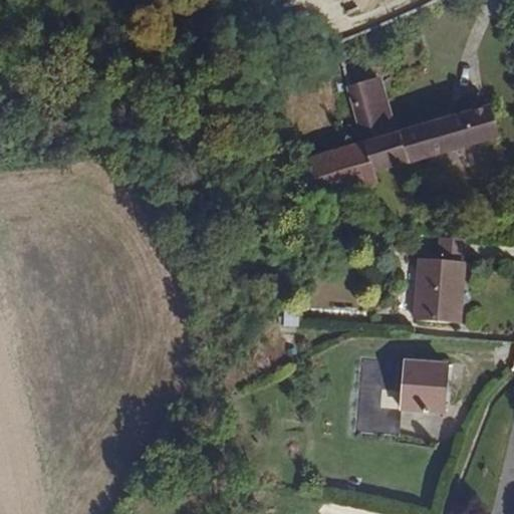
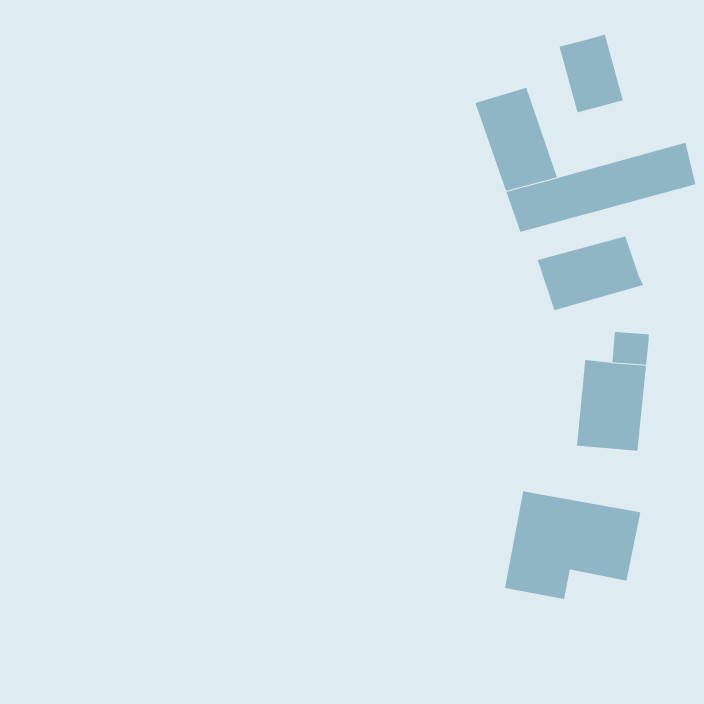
building: none -> [559,34,624,113]
building: [299,141,375,194] -> [537,236,644,311]

